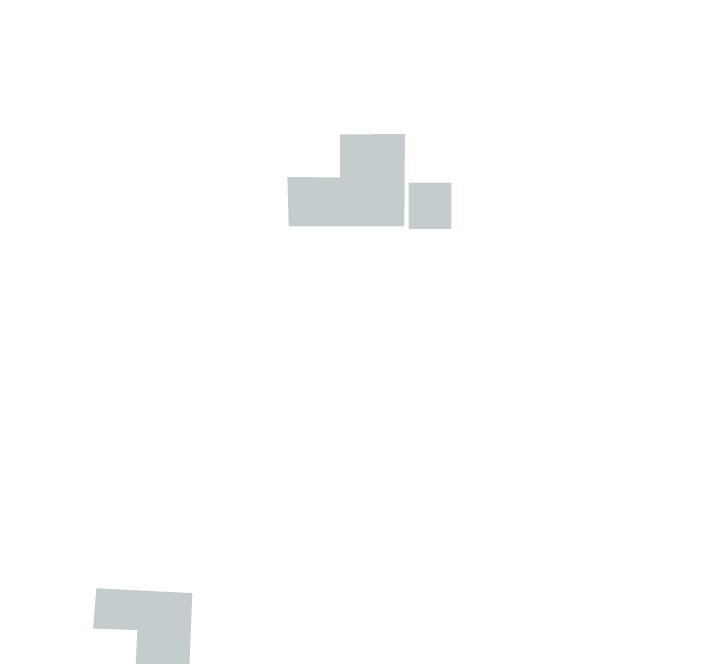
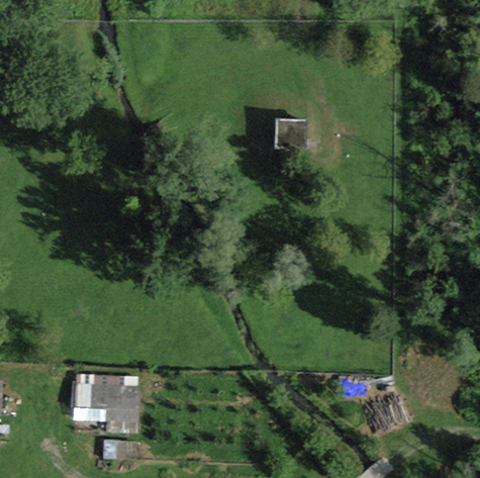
building: [287,133,405,227] -> none

